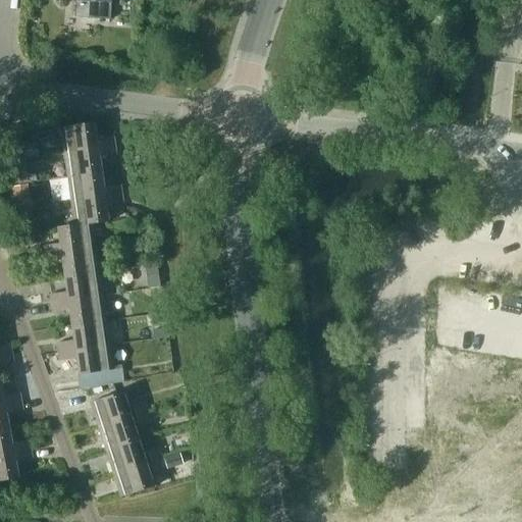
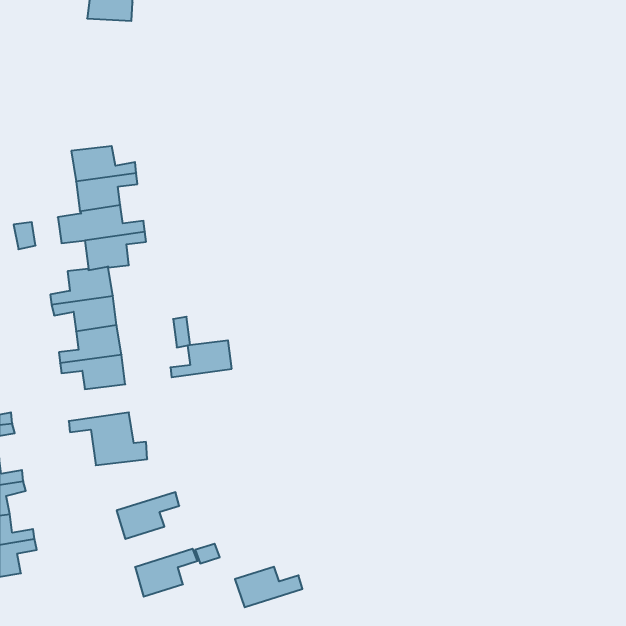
building: [56,319,107,350] -> [170,340,232,377]
building: [89,389,146,424] -> none
building: [104,437,160,471] -> [235,567,302,607]

